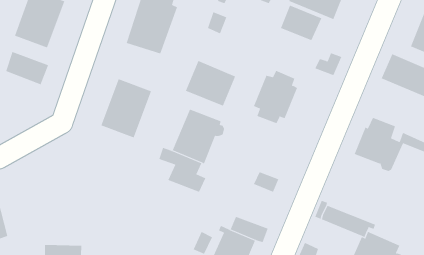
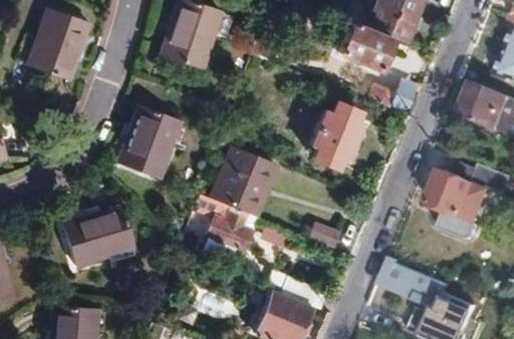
building: [6,51,49,85] -> none
building: [185,60,236,106] -> none
building: none -> [67,215,137,271]

